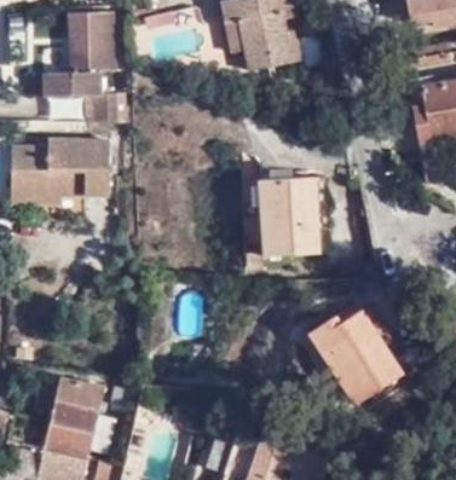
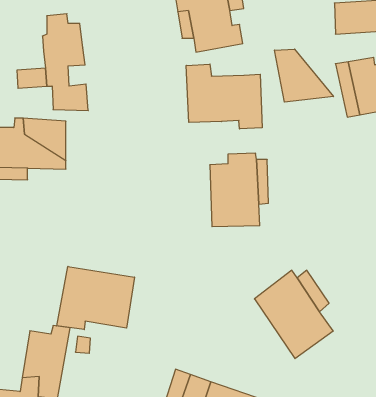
building: none -> [275,49,333,102]
building: none -> [186,64,262,129]
building: none -> [57,266,134,330]

